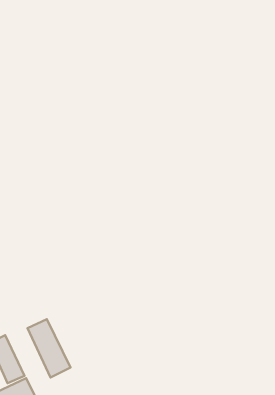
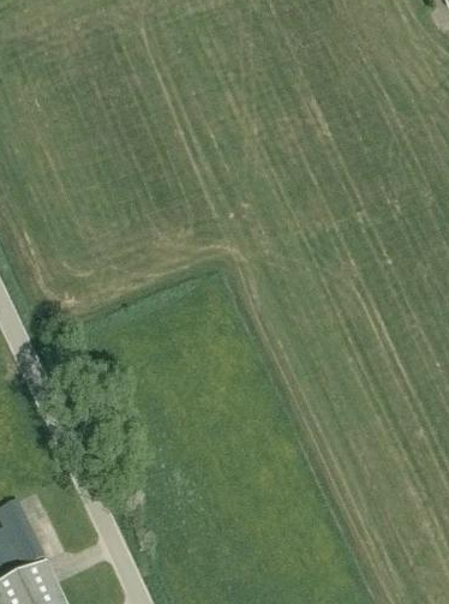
building: [28,319,70,377] -> none

